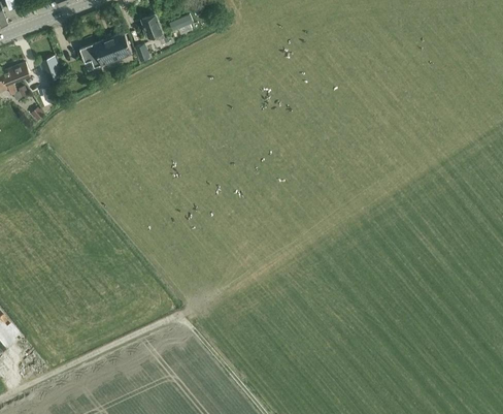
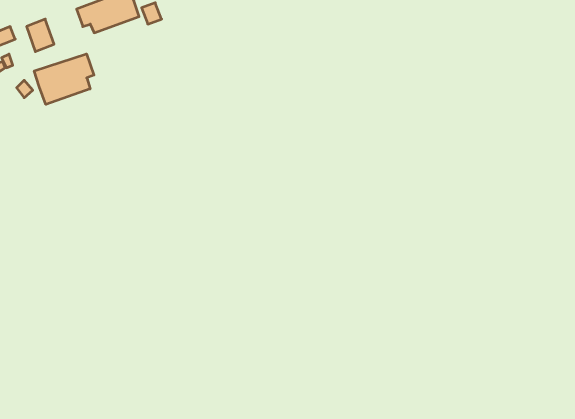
building: none -> [34,54,94,104]

